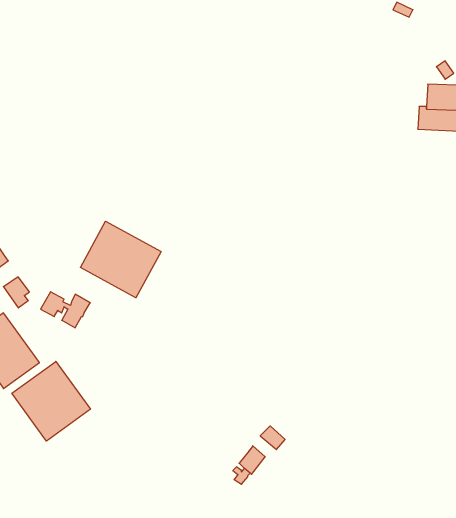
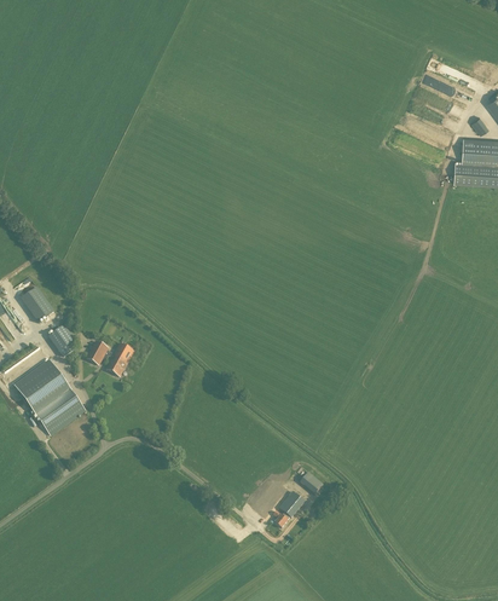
building: [80,221,161,298] -> none
building: [12,361,90,441] -> none

